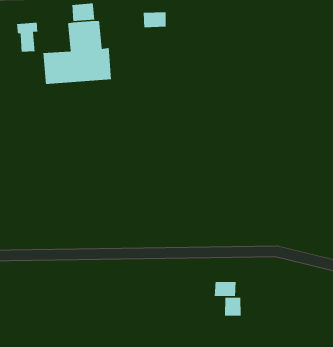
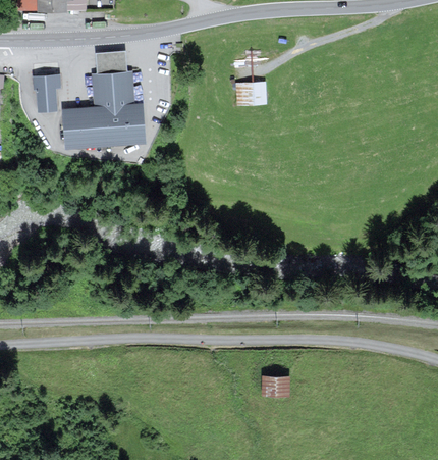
building: [143,11,166,28] -> [236,84,264,103]
building: [224,297,242,316] -> none

